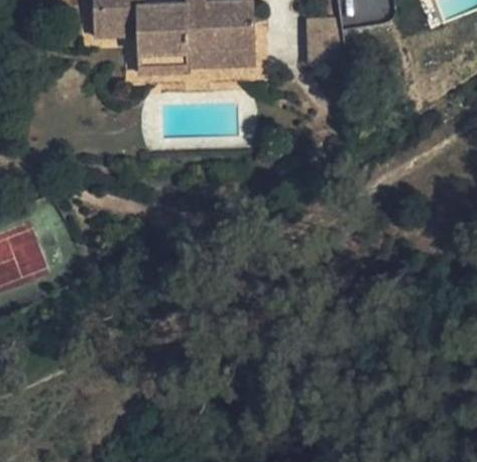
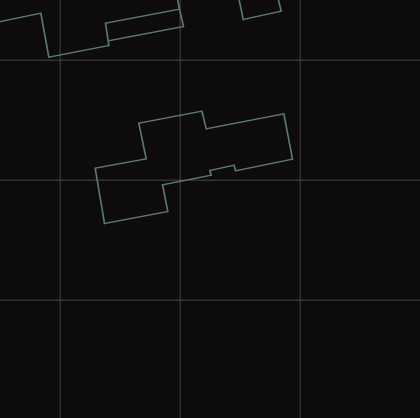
building: none -> [95,111,292,223]

